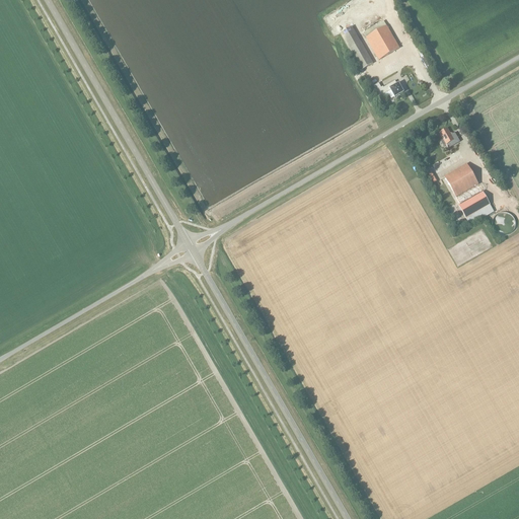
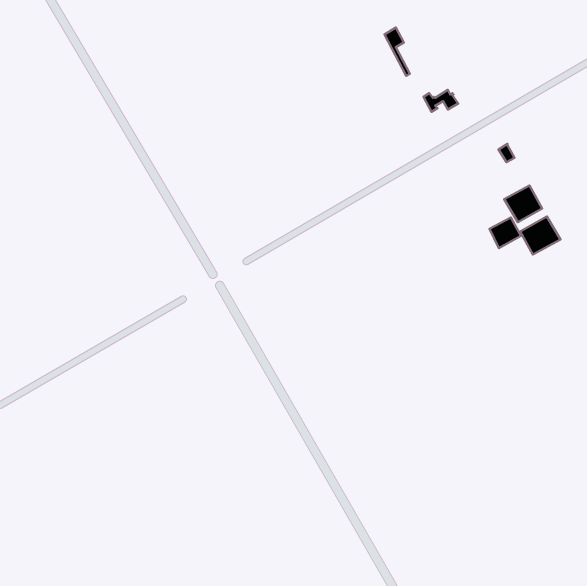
building: [364,23,397,57] -> none
building: none -> [489,217,521,248]

